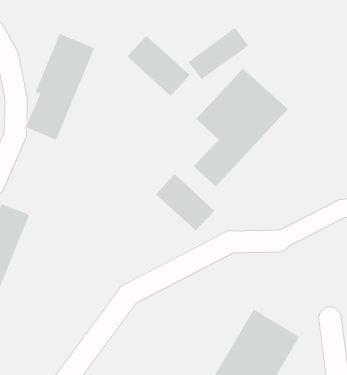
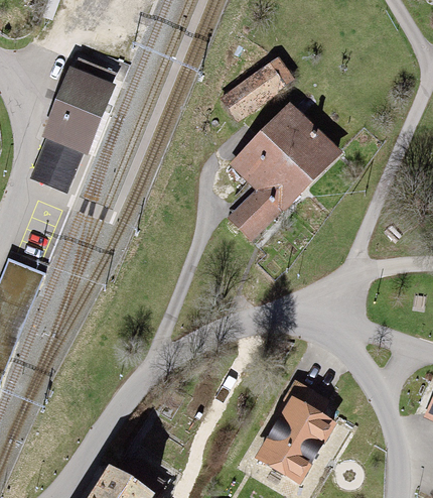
building: [127,35,190,97] -> none
building: [155,173,215,231] -> none

